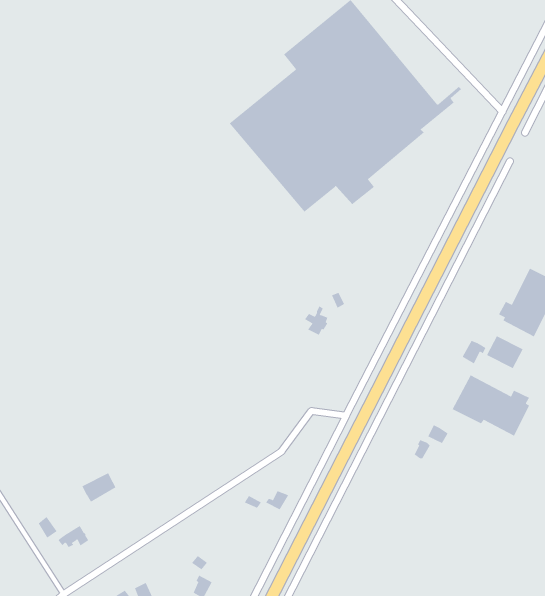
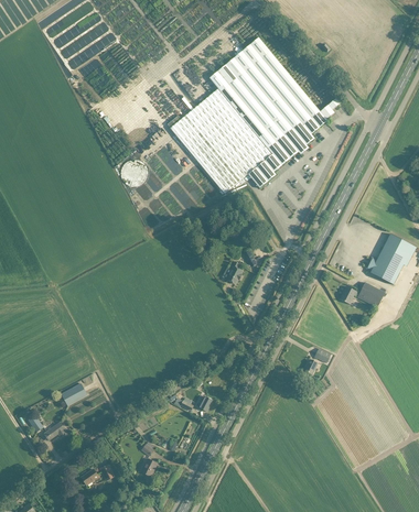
building: [452,375,530,436] -> none

